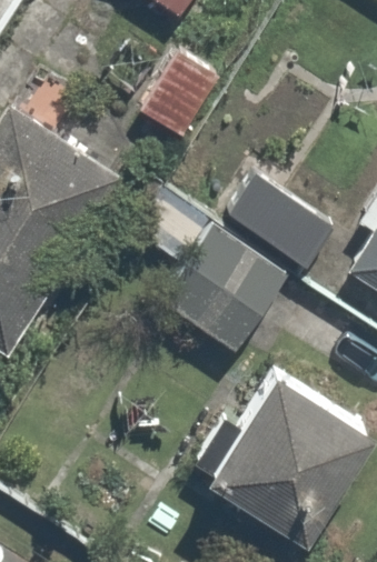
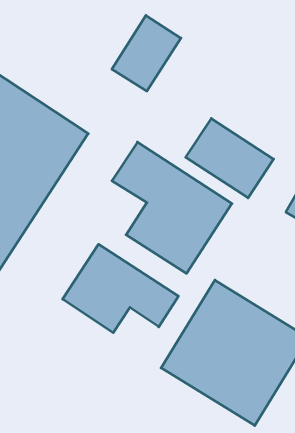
building: none -> [63,244,178,333]

